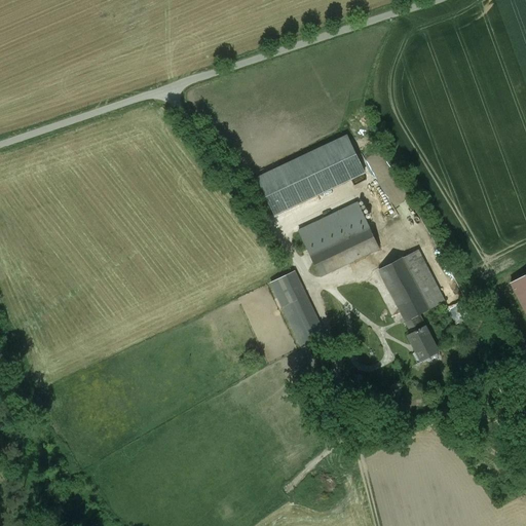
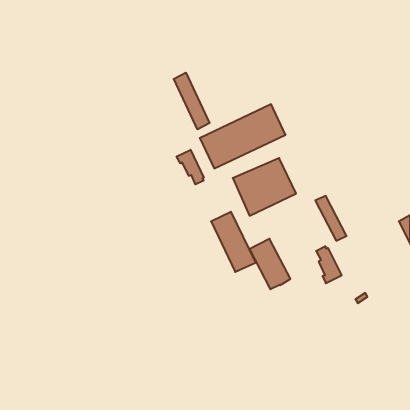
building: none -> [174,73,210,129]
building: none -> [177,150,204,184]
building: [378,257,430,322] -> [249,239,290,289]

